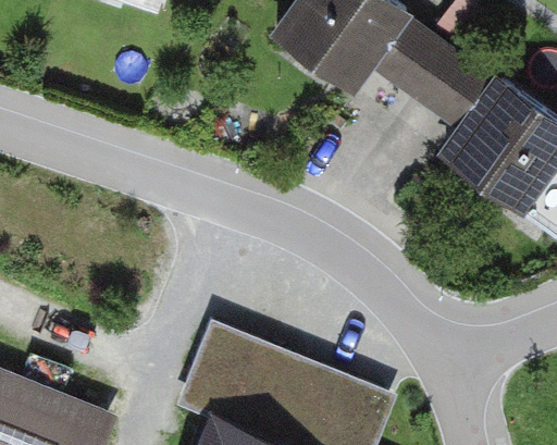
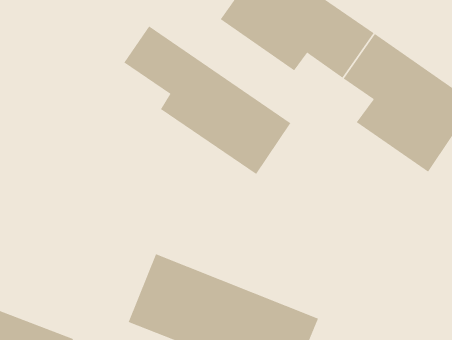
building: none -> [123,25,291,175]

